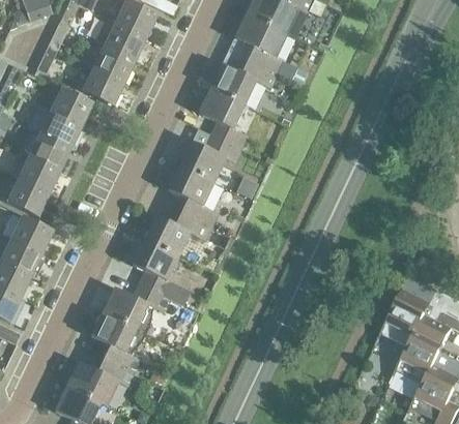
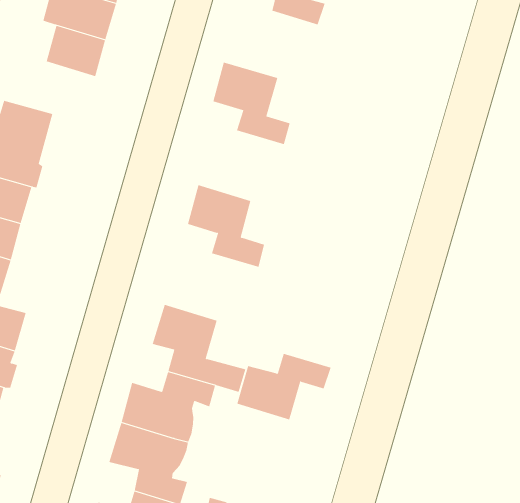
building: [209,60,276,104] -> none
building: [82,68,124,107] -> none
building: [179,134,240,182] -> none
building: [144,212,210,256] -> [236,353,331,420]

